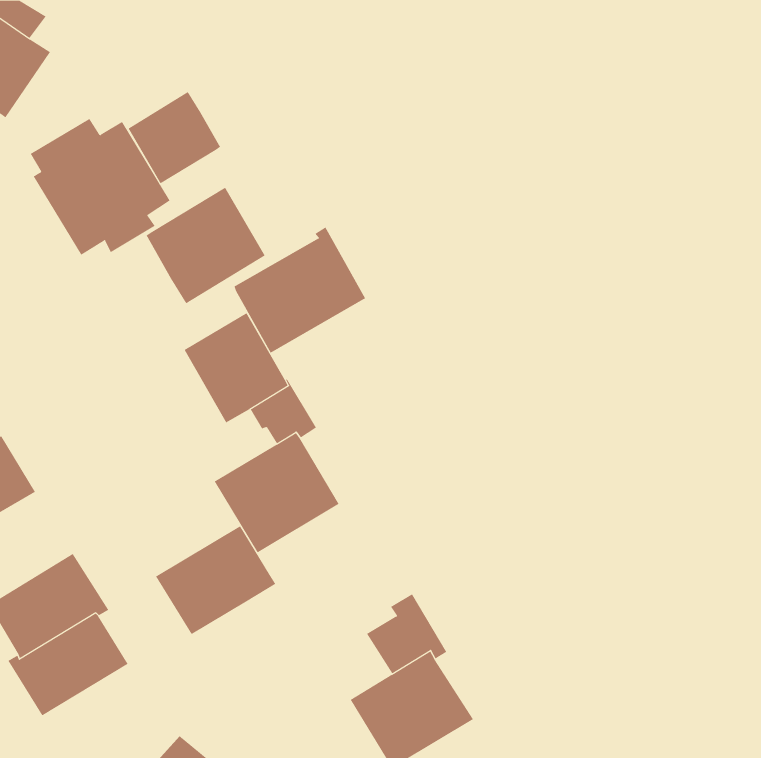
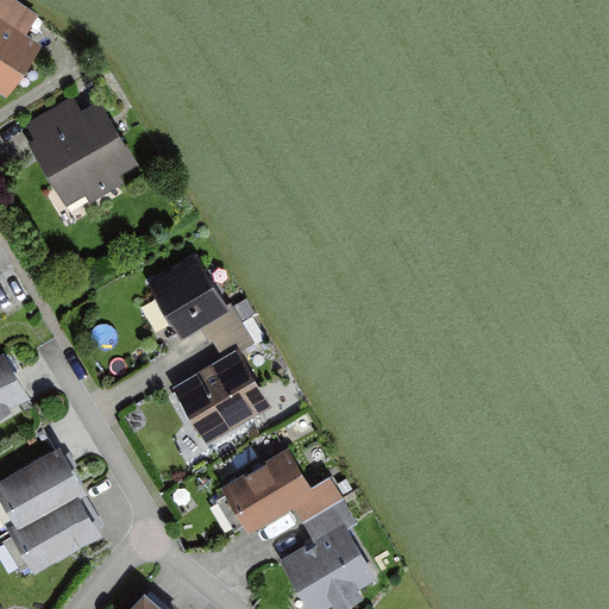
building: [128,91,221,184] -> none
building: [146,187,266,304] -> none
building: [234,227,366,354] -> none
building: [155,526,276,635] -> [219,448,315,535]

